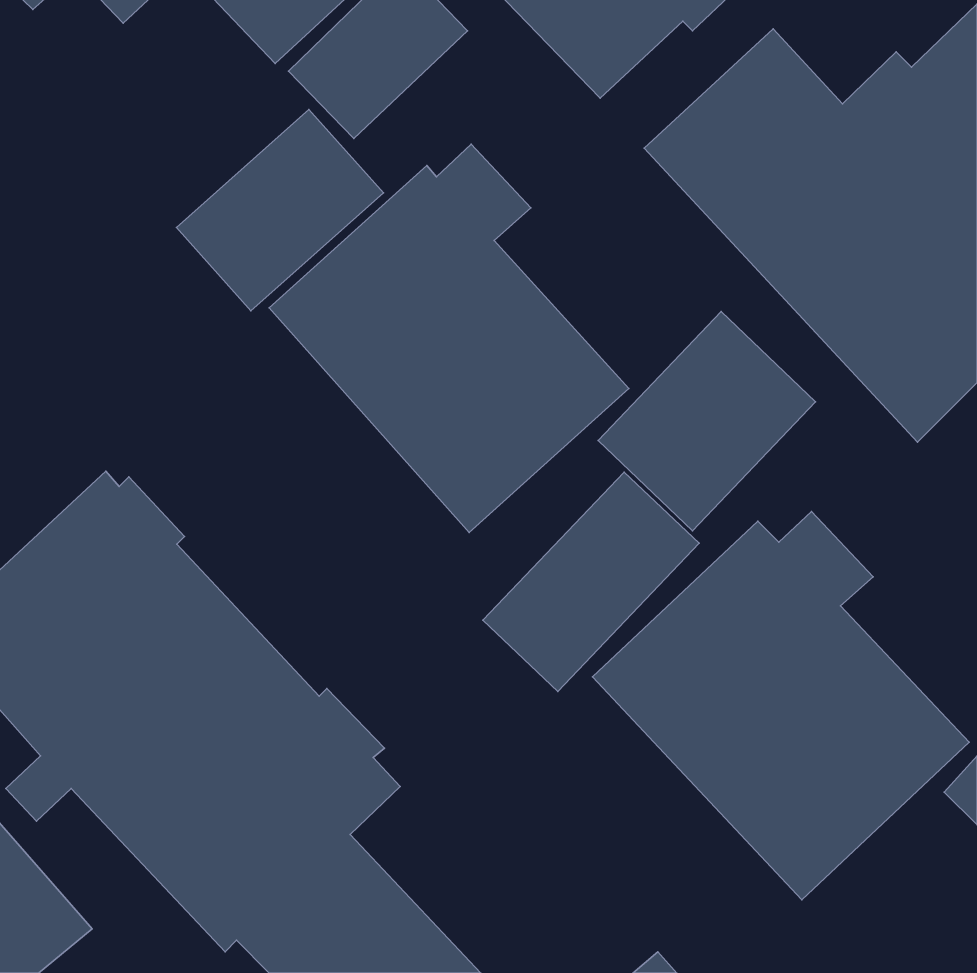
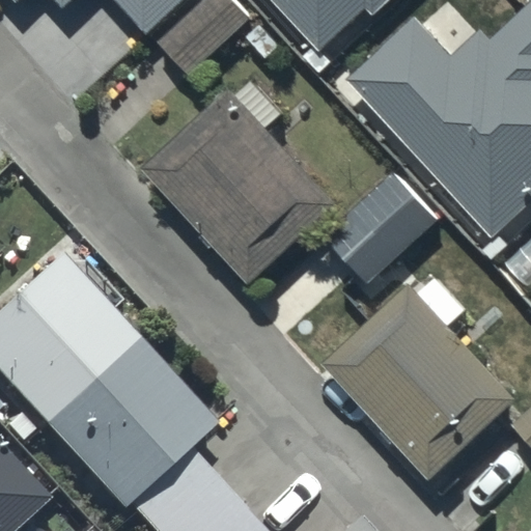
building: [176,110,383,311] -> none
building: [483,472,699,691] -> none

